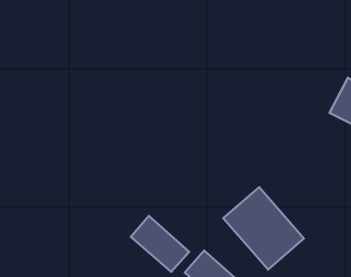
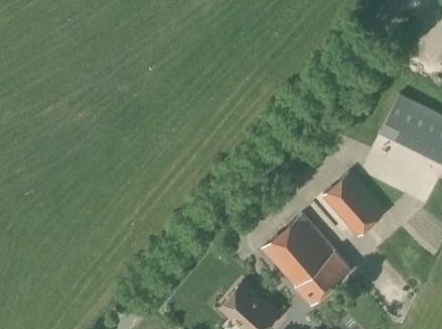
building: none -> [322,174,384,236]
building: [131,216,189,272] -> none

